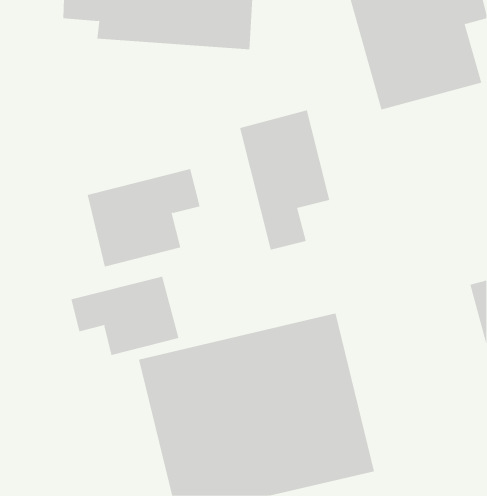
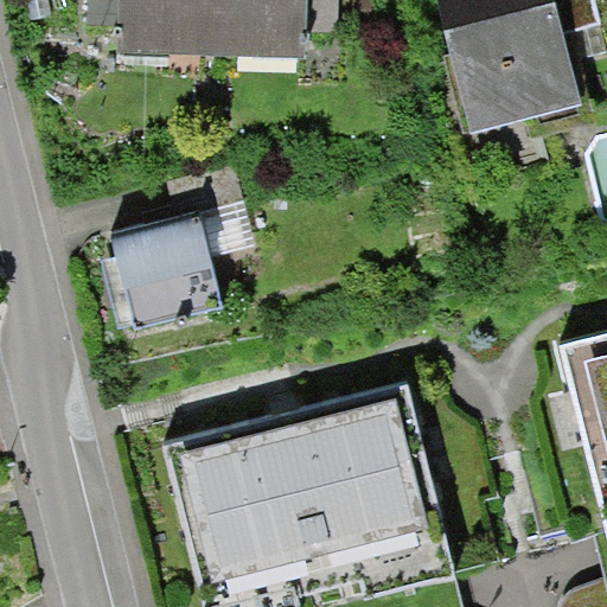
building: [240,110,330,250] -> none
building: [71,276,179,356] -> none

